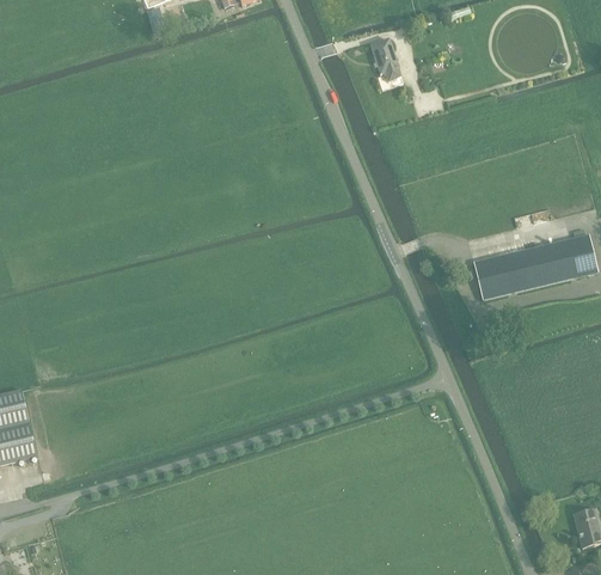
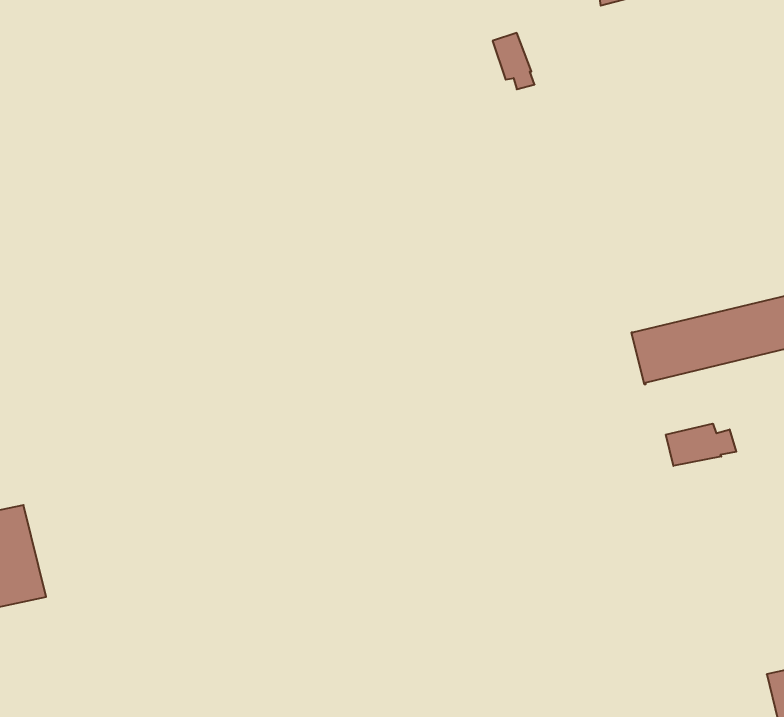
building: none -> [666,424,736,466]

